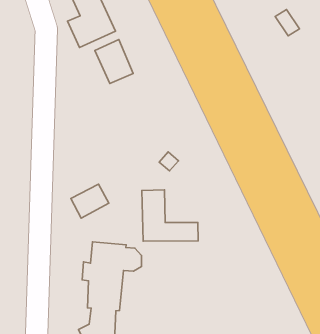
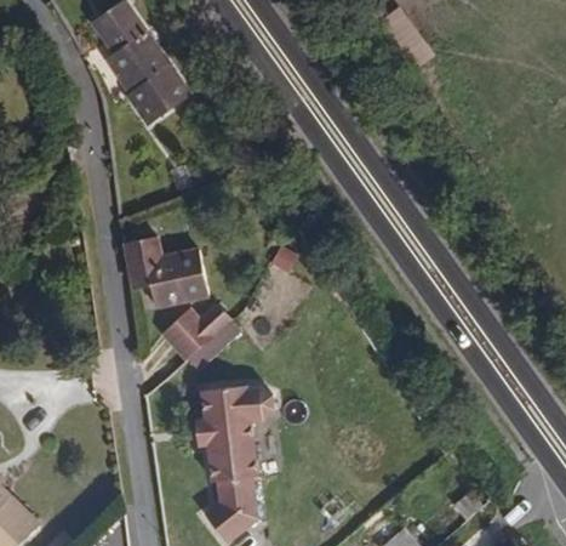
building: [95,40,133,84] -> none
building: [142,190,198,241] -> [126,239,213,313]

